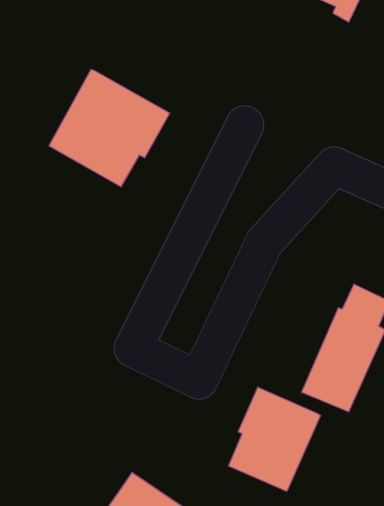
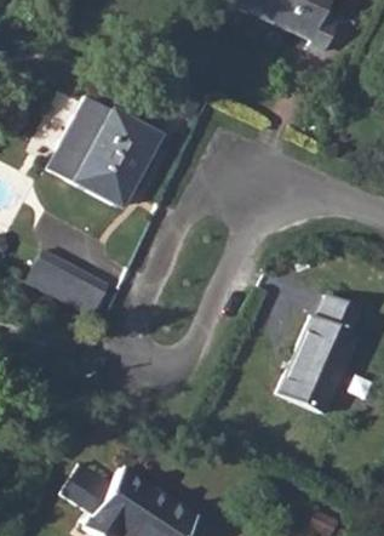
building: none -> [34,246,116,312]
building: [229,387,320,491] -> none

